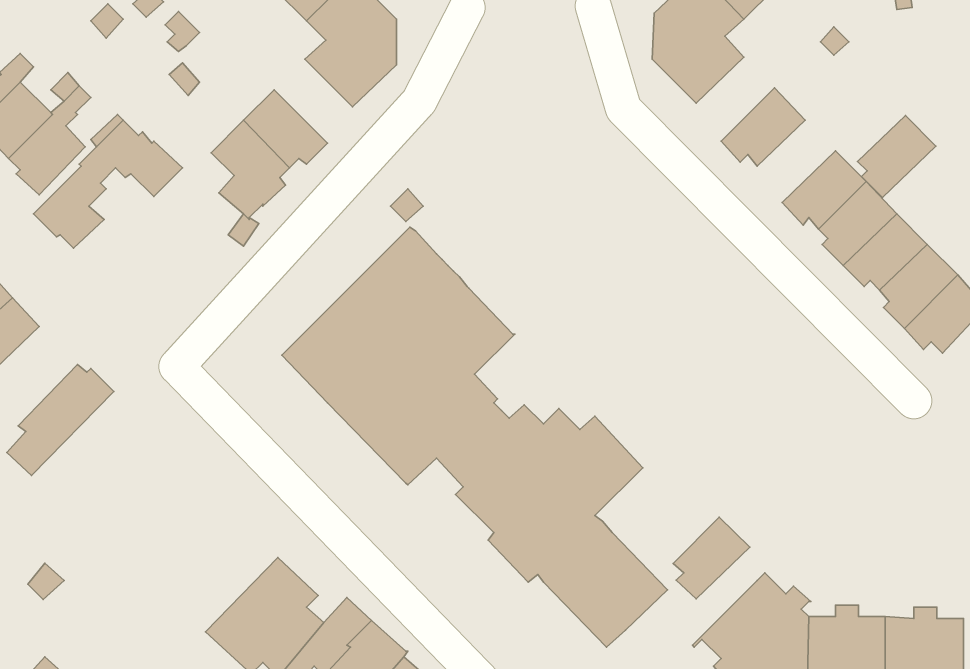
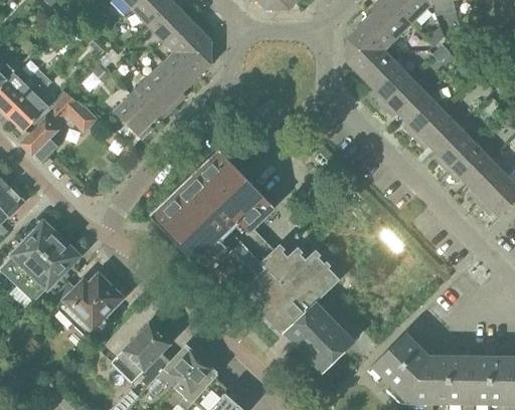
building: none -> [369,60,410,105]
building: none -> [147,61,188,106]
building: [858,116,936,198] -> [401,93,443,137]
building: none -> [19,236,77,293]
building: none -> [56,275,121,339]
building: [673,517,750,599] -> none

